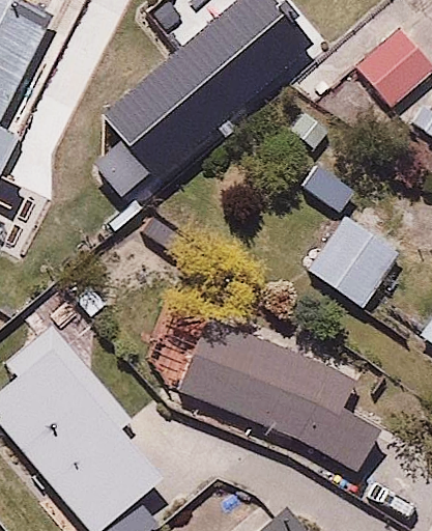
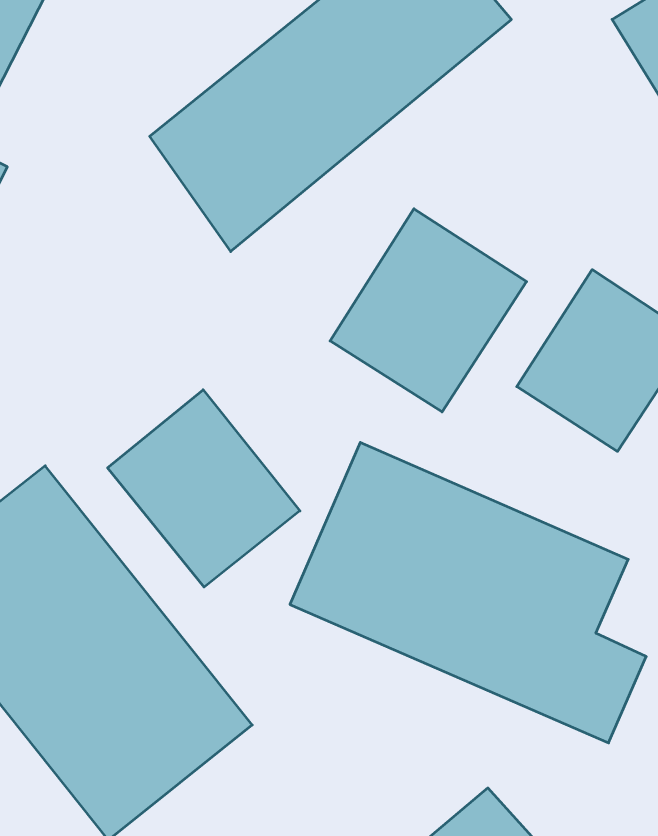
building: none -> [330,209,527,412]
building: none -> [108,390,300,587]

